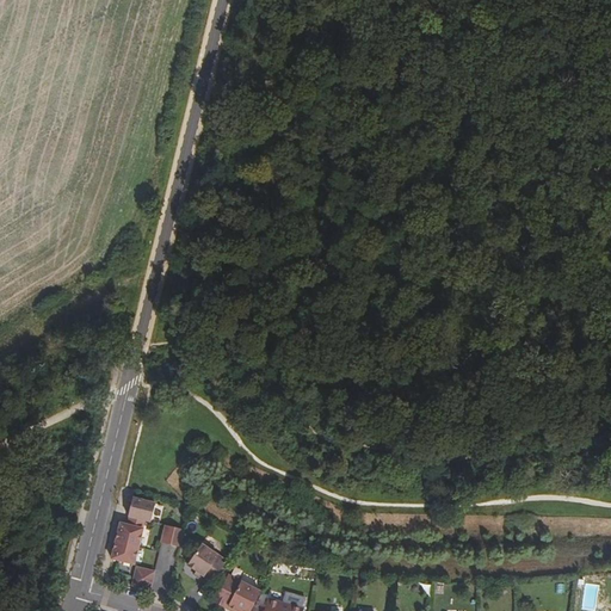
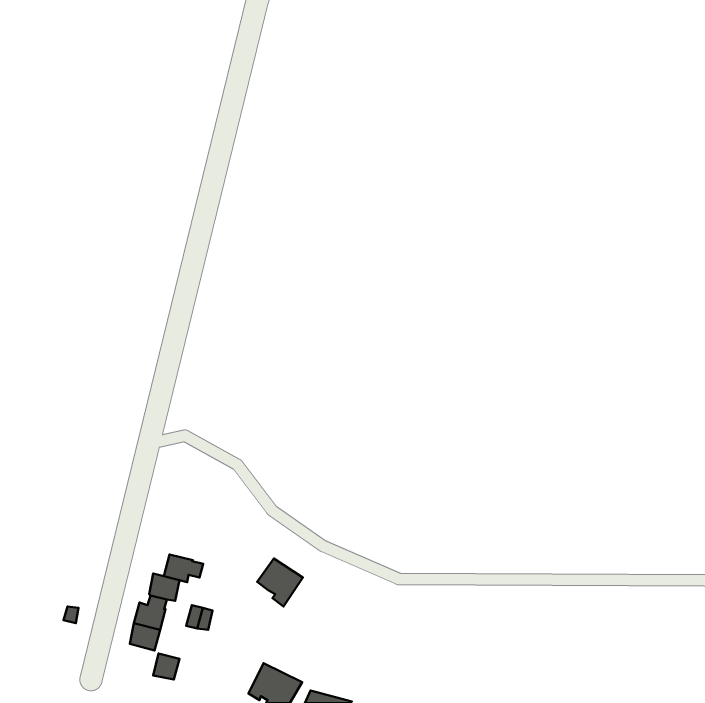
building: none -> [164,555,203,582]
building: [187,543,227,585] -> [257,558,303,607]

